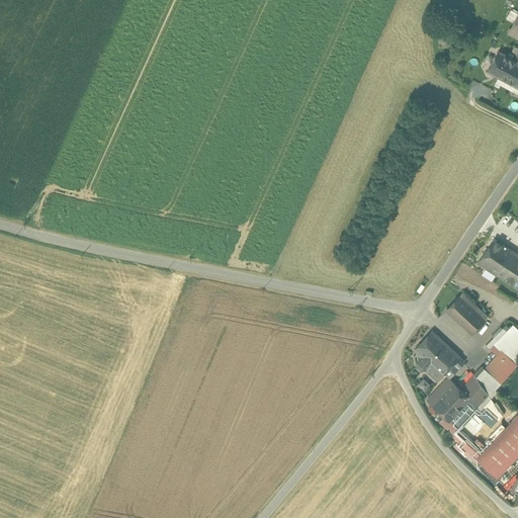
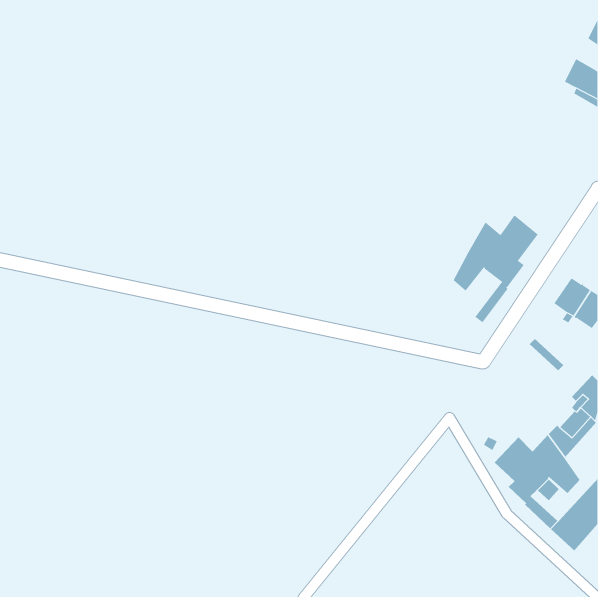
building: none -> [453,215,539,323]
building: [446,298,483,334] -> none
building: [415,332,463,377] -> none

